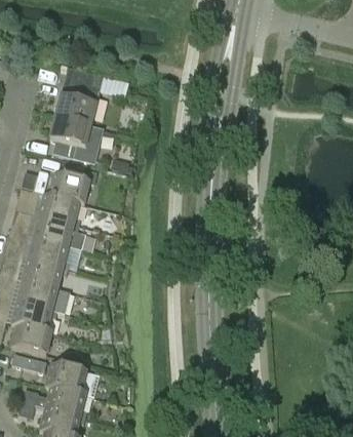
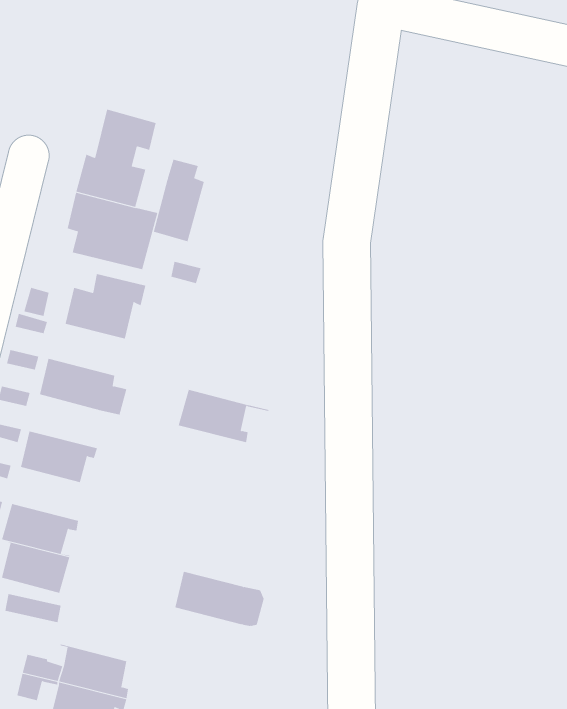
building: none -> [153,159,204,242]
building: [38,194,84,226] -> none
building: [27,237,81,269] -> [178,389,269,443]
building: [16,280,70,314] -> none
building: [45,363,99,396] -> [175,571,264,626]

